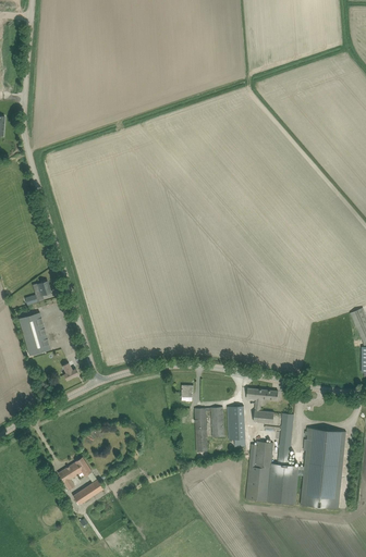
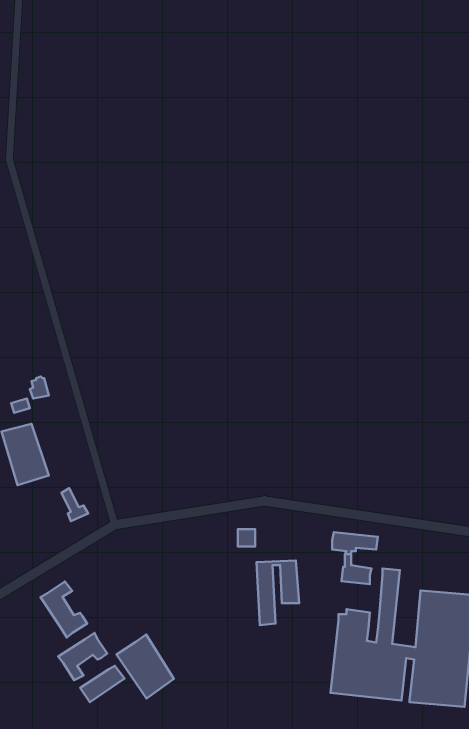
building: [227,406,245,440] -> none
building: none -> [41,582,87,638]
building: none -> [117,635,174,698]

